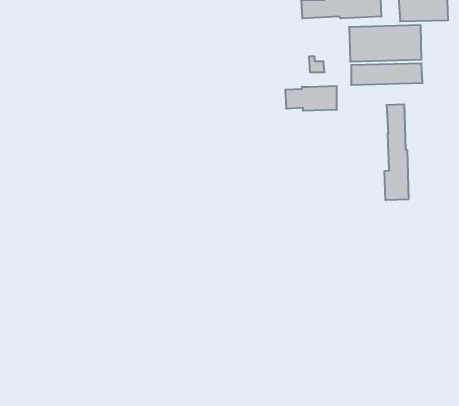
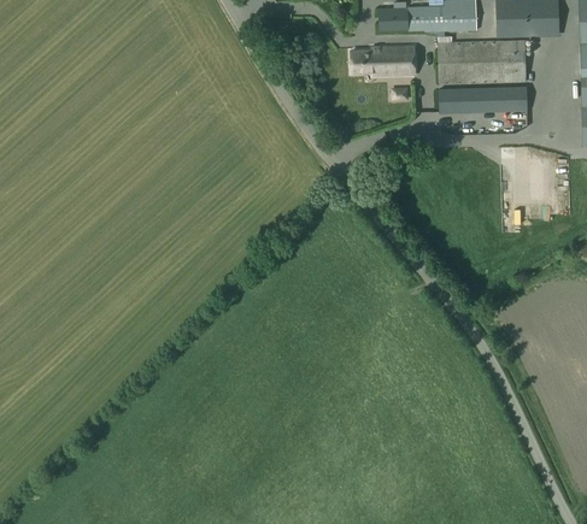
building: [285,86,337,111] -> [350,46,413,76]
building: [385,104,409,200] -> none

